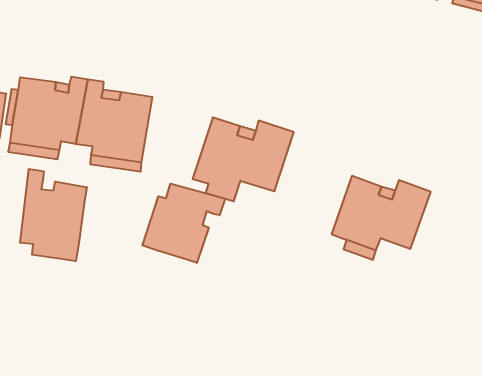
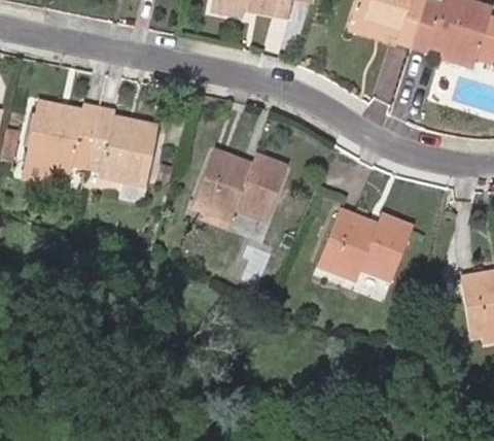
building: [20,169,87,261] -> none
building: [142,184,225,263] -> none

